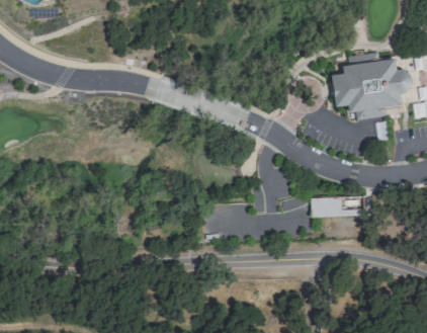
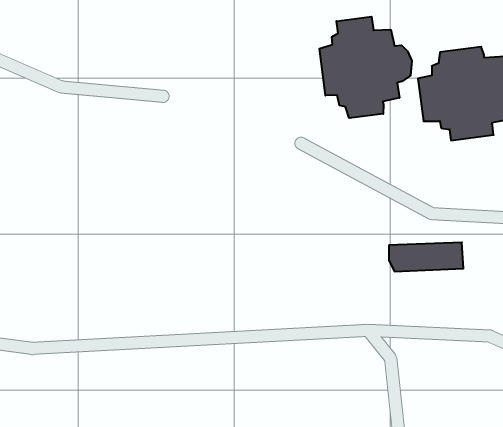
building: none -> [319,17,412,118]

